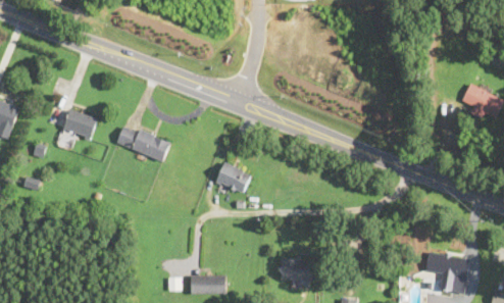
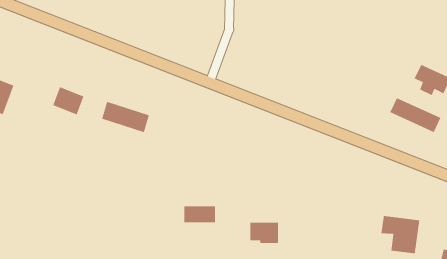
building: none -> [389,97,442,133]
building: [214,161,252,196] -> none
building: [190,274,225,294] -> [184,206,216,223]

